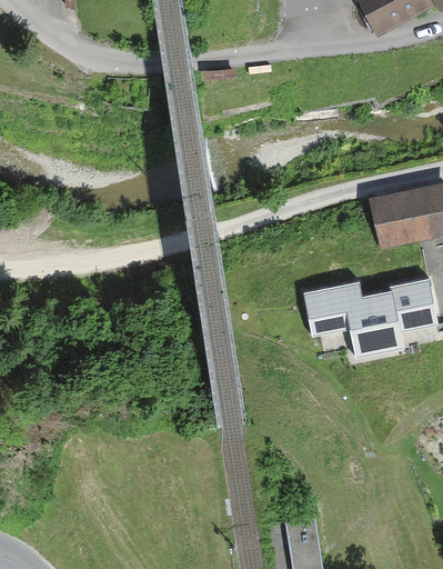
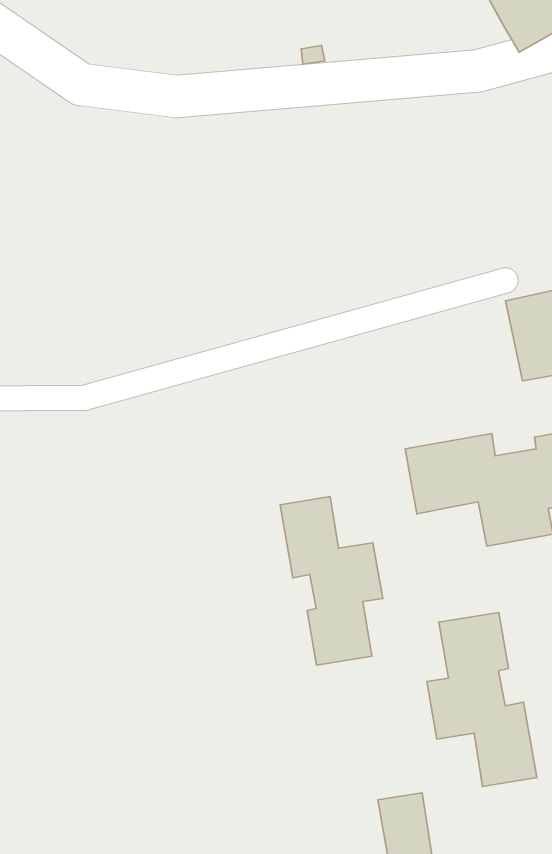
building: none -> [280,496,383,665]
building: none -> [427,612,537,787]

